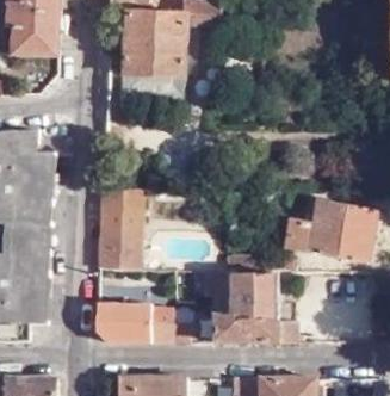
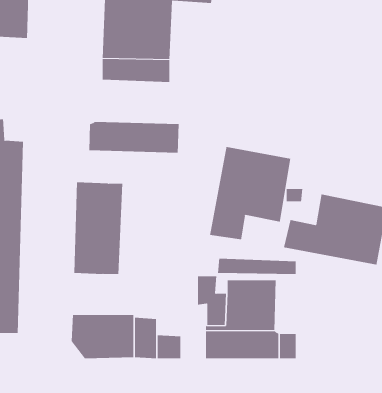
building: none -> [89,121,179,153]
building: none -> [209,146,291,240]

